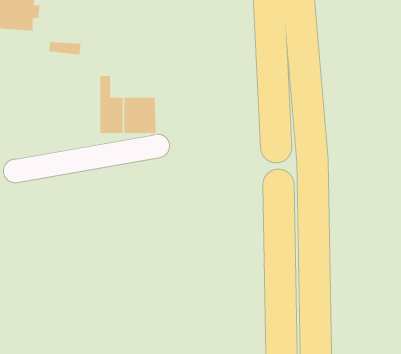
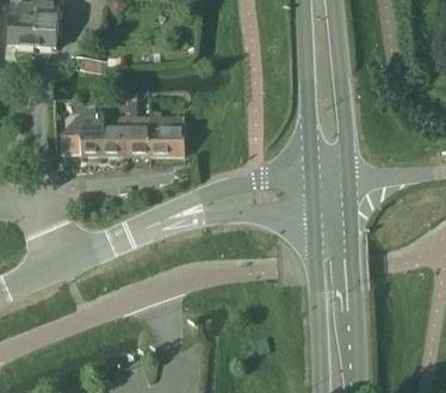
building: none -> [61,116,125,155]

